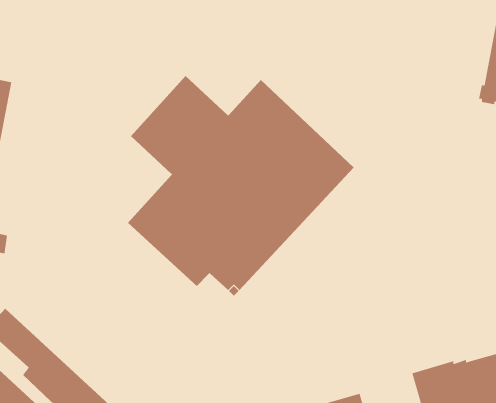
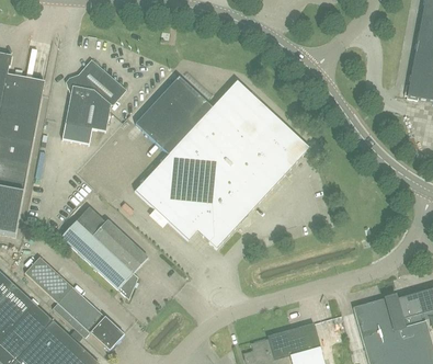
building: none -> [62,62,123,145]
building: none -> [60,207,147,298]

